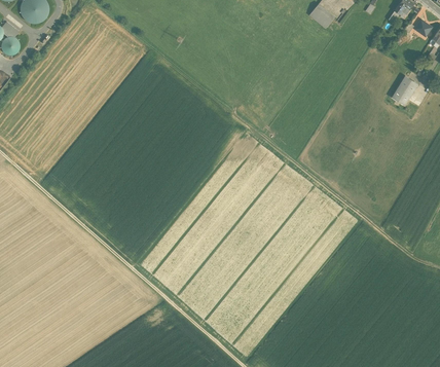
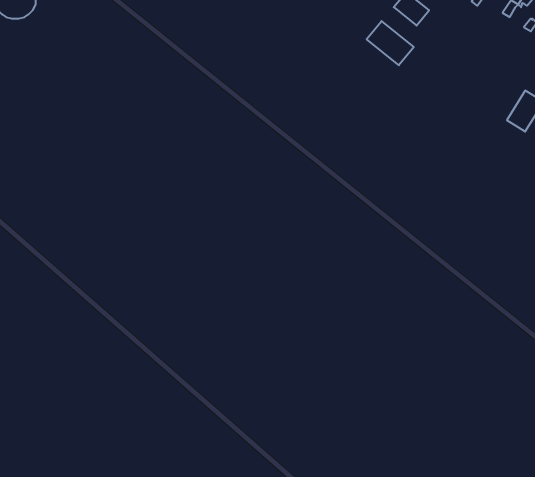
building: none -> [367,21,414,65]

